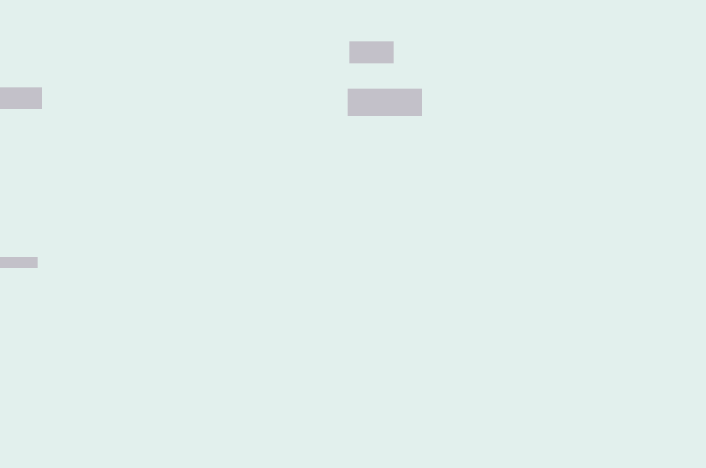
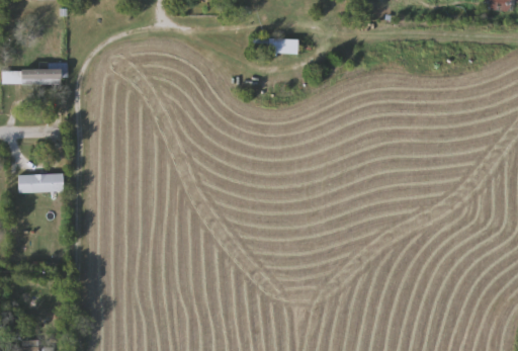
building: [347,88,423,117] -> none

